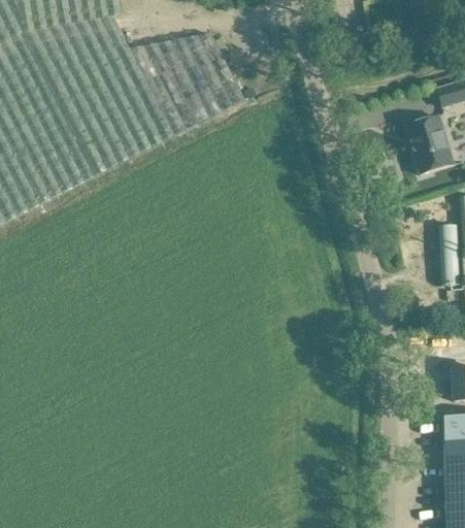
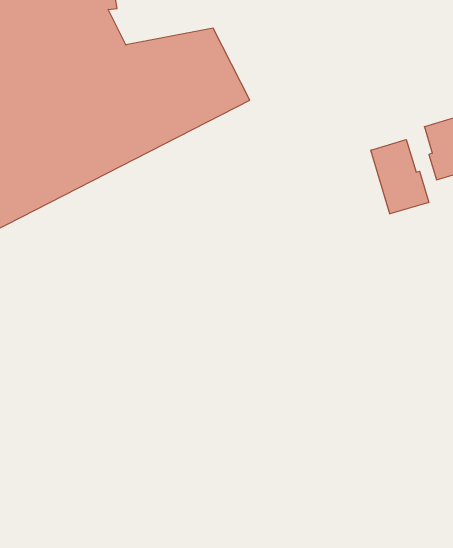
building: none -> [371,140,429,214]

